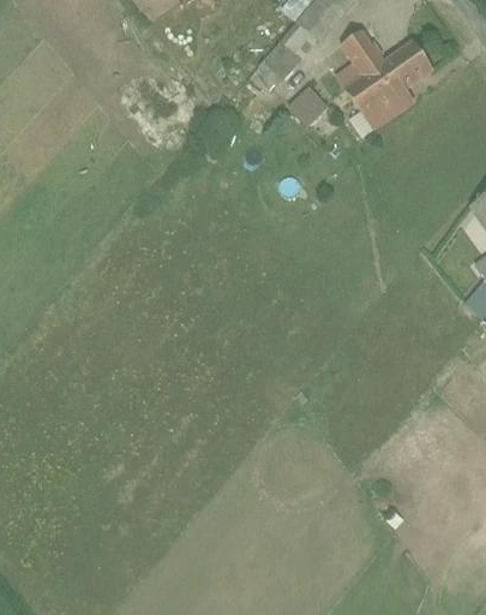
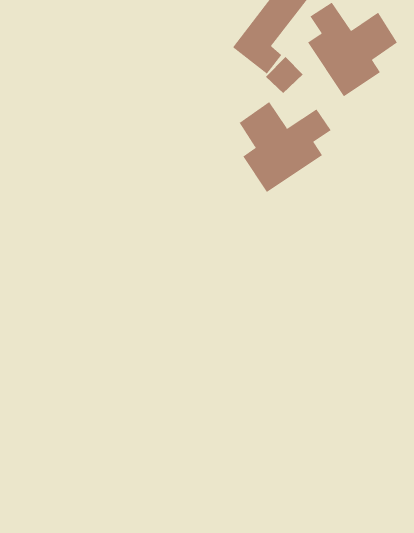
building: none -> [239,101,332,193]

